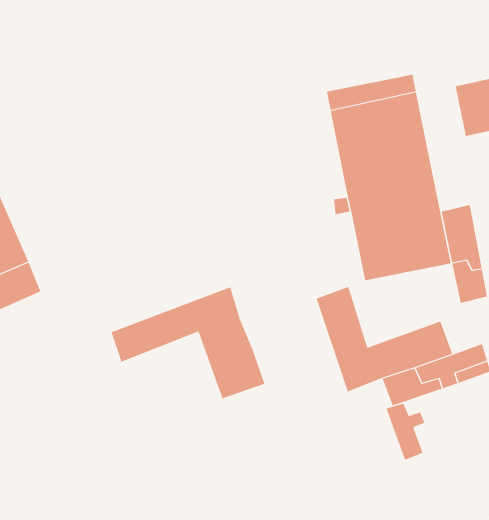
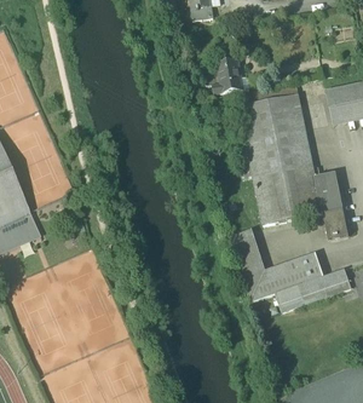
building: none -> [212,58,252,93]
building: [111,287,265,399] -> none
building: [386,403,425,461] -> none

